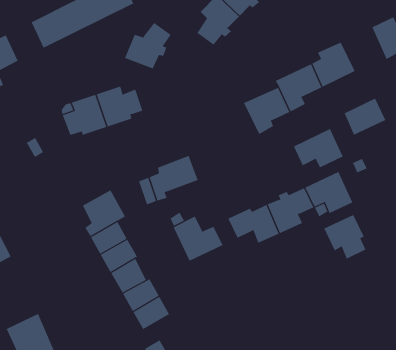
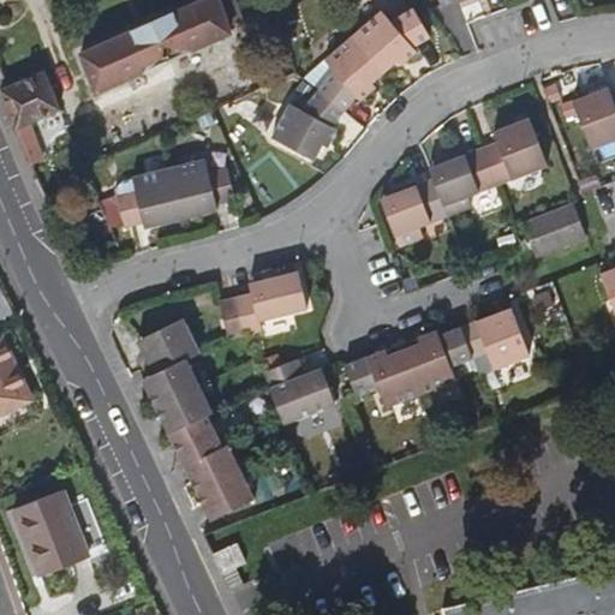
building: [124,22,171,69] -> [271,90,342,159]
building: [293,128,344,168] -> none
building: [323,214,366,259] -> none

